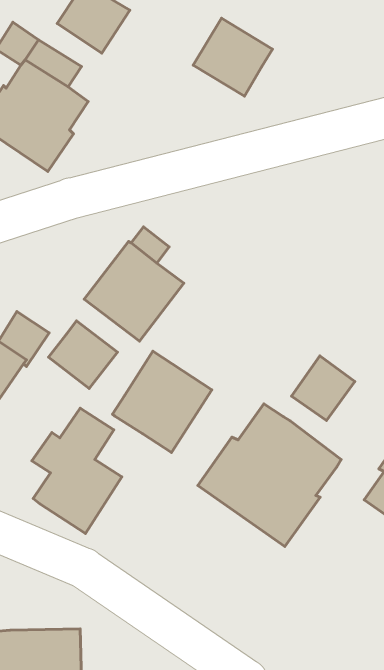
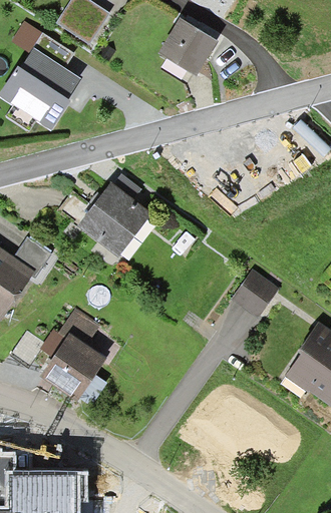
building: [48,321,117,388] -> none
building: [113,351,212,453] -> none
building: [198,404,341,546] -> none

